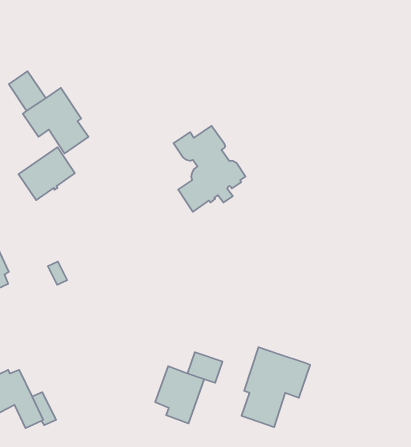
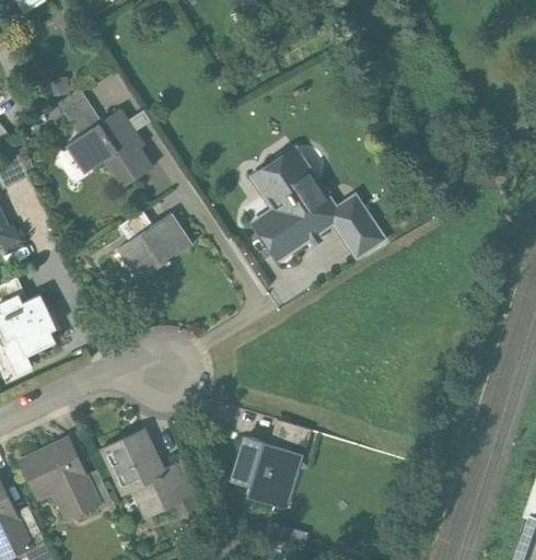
building: [19,147,75,200] -> [126,213,193,276]
building: none -> [331,200,384,257]
building: [241,347,310,427] -> none
building: none -> [103,432,189,515]

